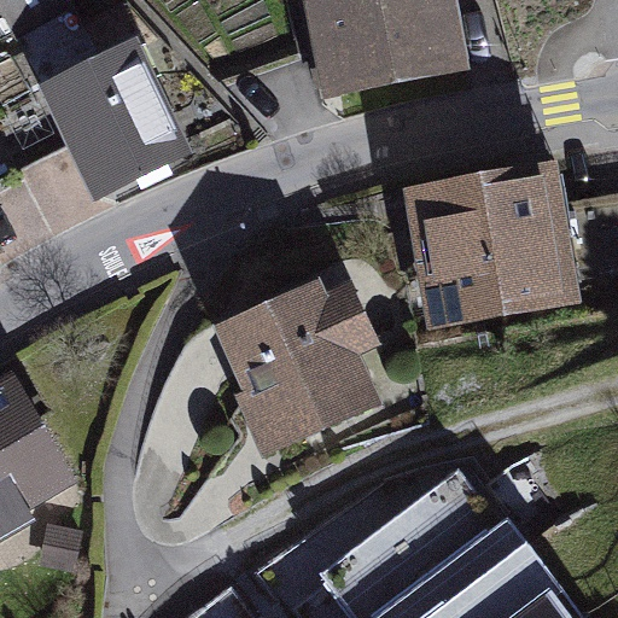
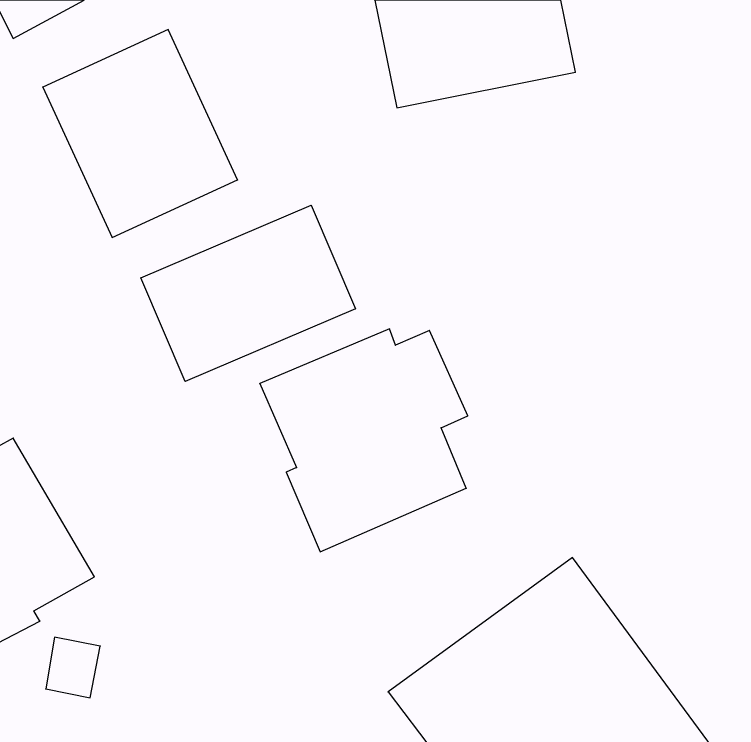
building: [404,154,578,325] -> none
building: none -> [141,205,355,381]

